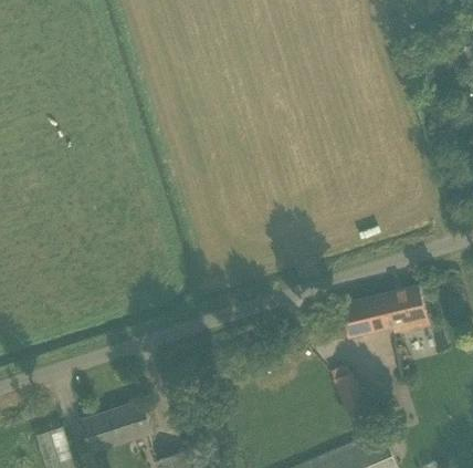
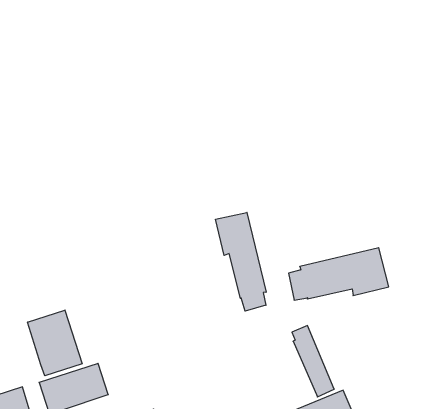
building: none -> [216,212,266,311]
building: none -> [28,310,82,376]

